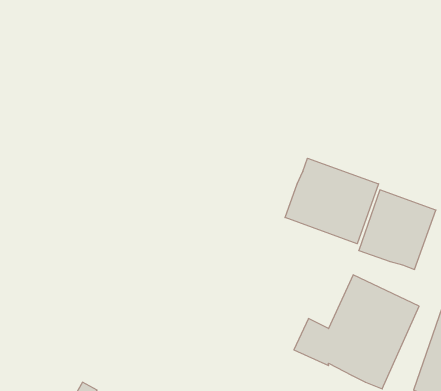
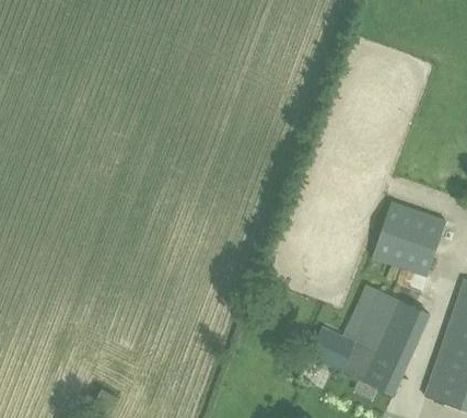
building: [285,158,379,244] -> none

